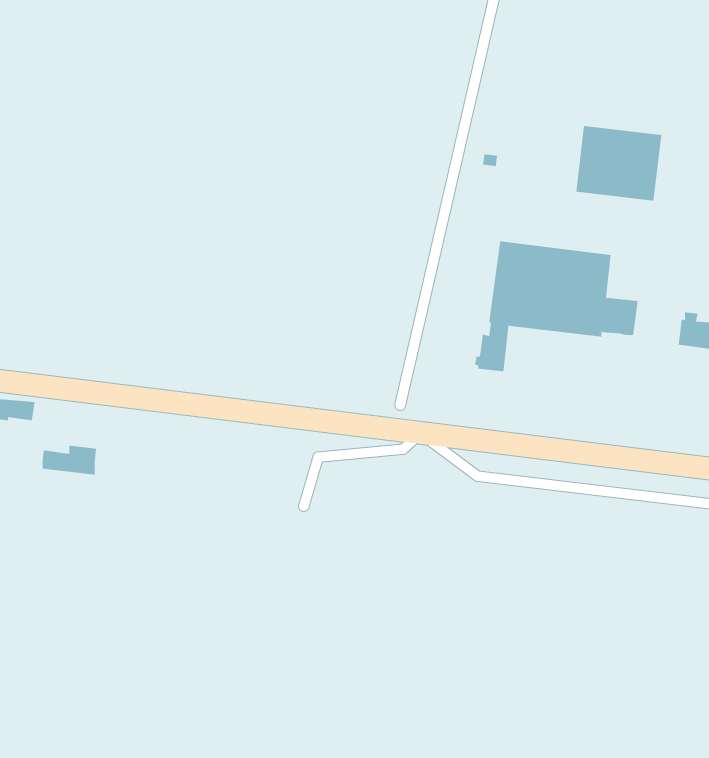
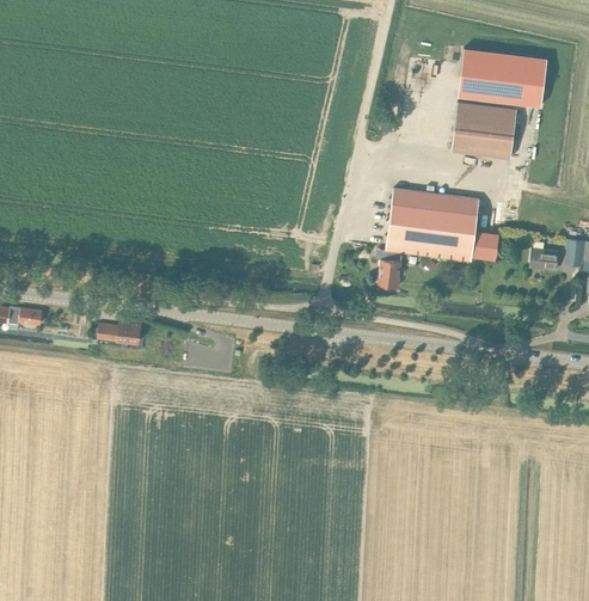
building: none -> [458,49,547,108]
building: [42,445,97,475] -> [99,320,141,343]

